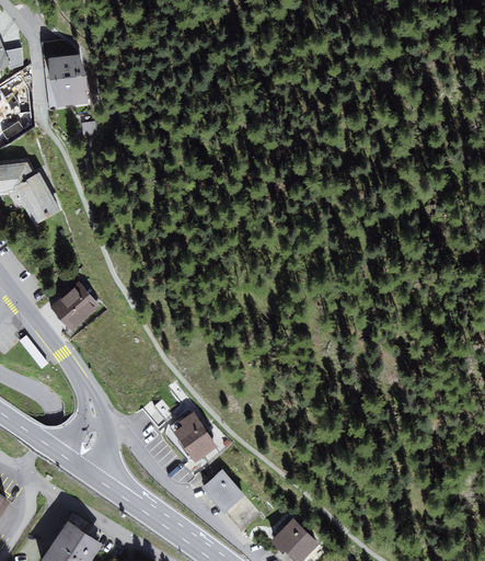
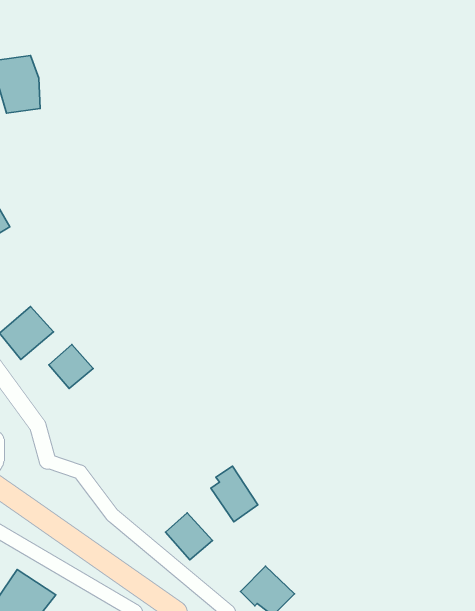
building: none -> [49,345,93,389]
building: [174,412,217,462] -> [211,466,258,522]

